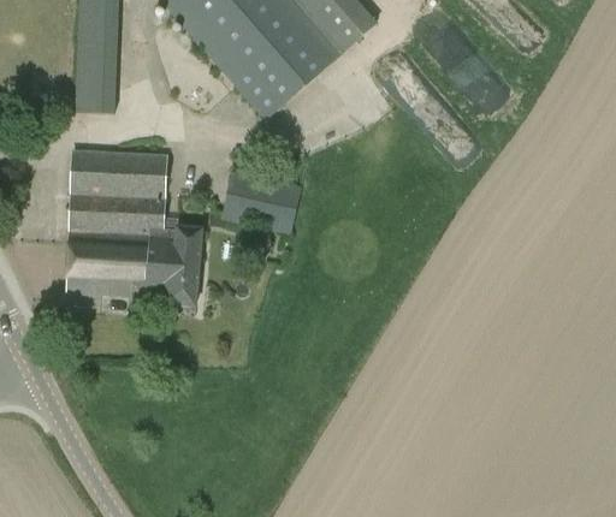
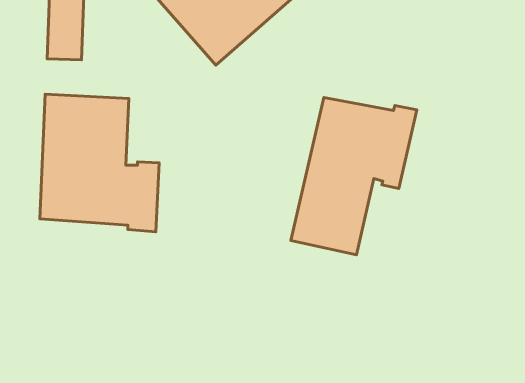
building: none -> [291,97,417,255]
building: [223,171,301,230] -> none

